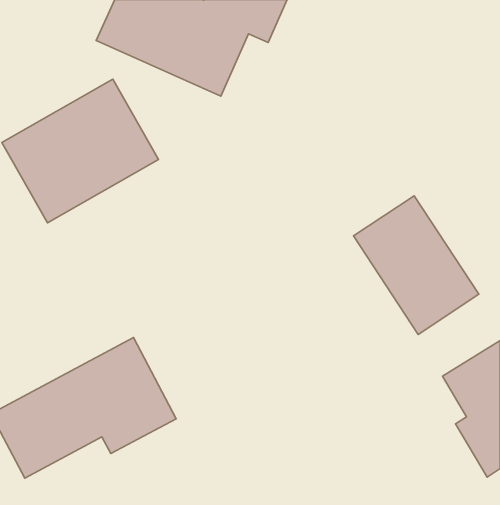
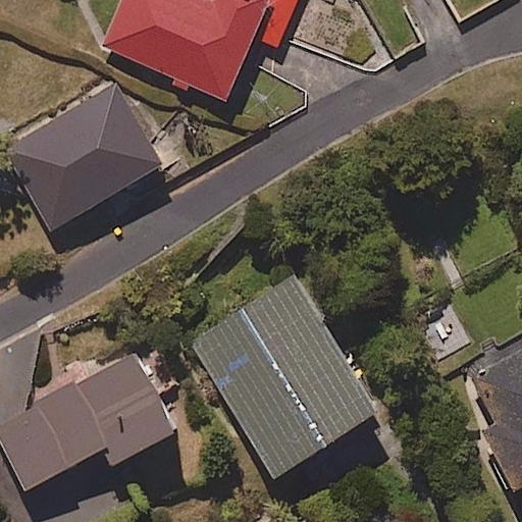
building: [353,196,479,334] -> none
building: none -> [188,274,382,480]

